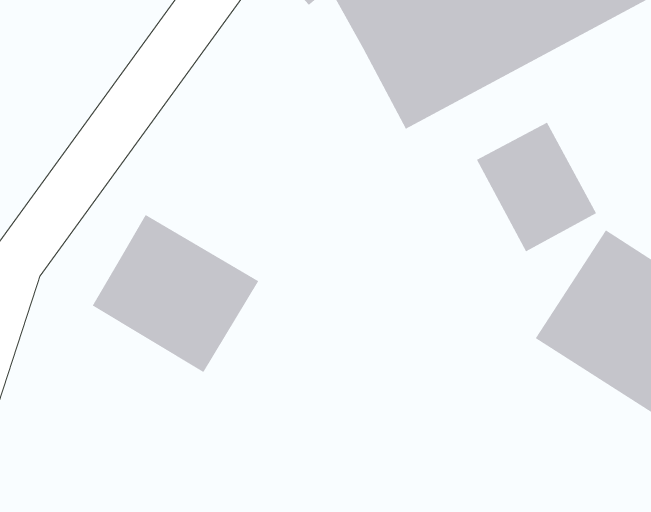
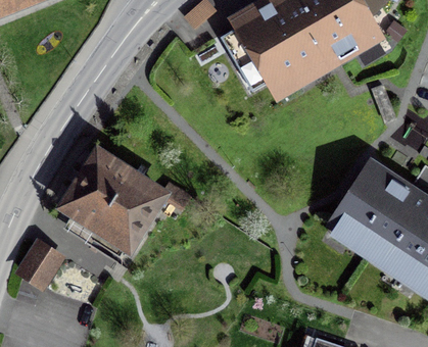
building: [476,122,597,252] -> none
building: none -> [17,246,60,290]

